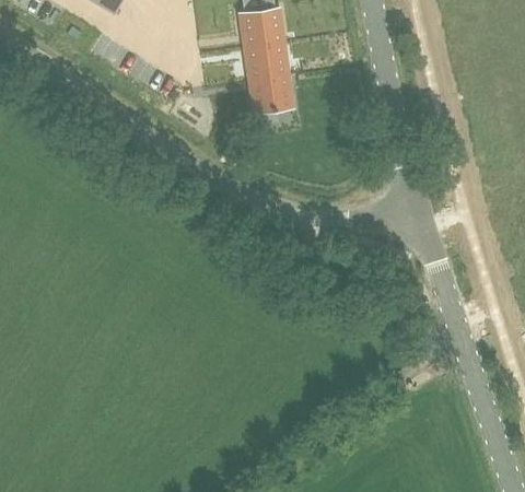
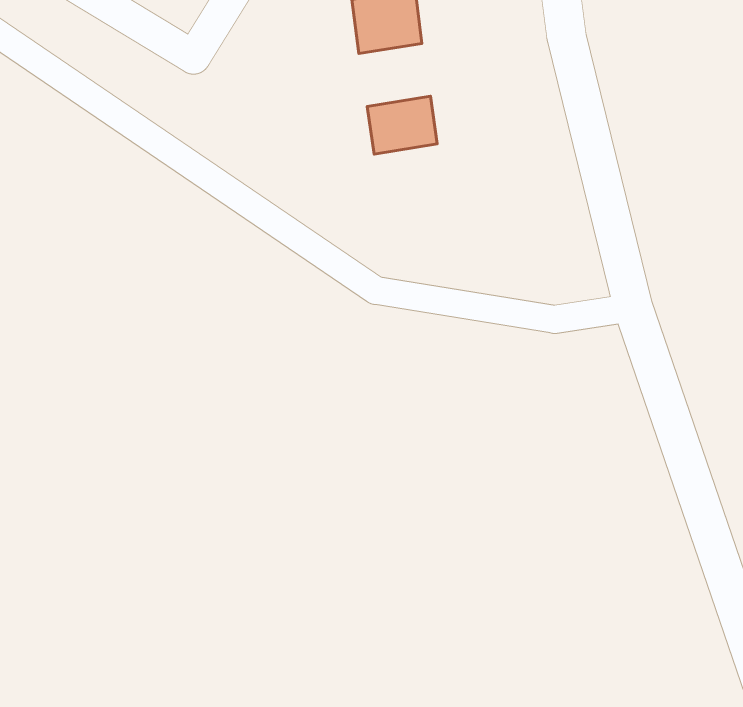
building: [244,42,290,82] -> none

